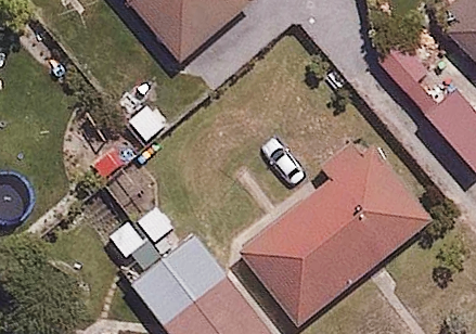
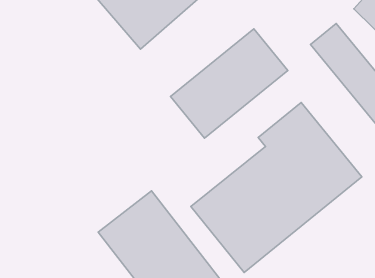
building: none -> [170,29,288,138]

